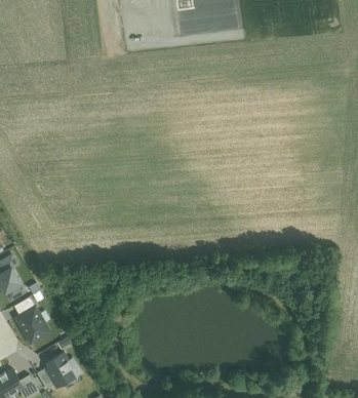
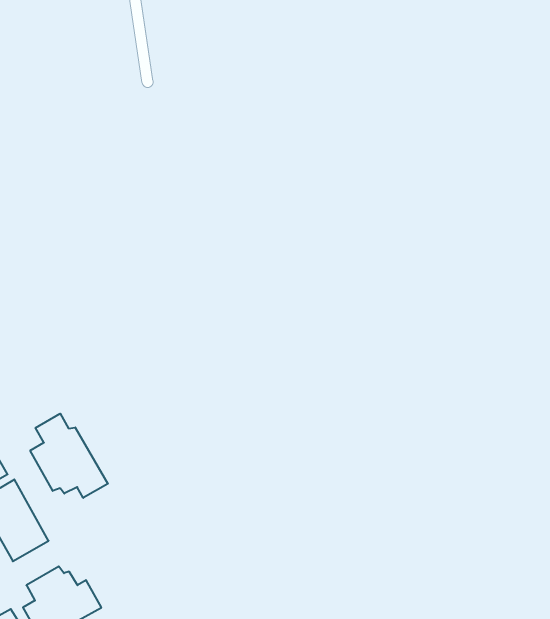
building: none -> [30,414,108,498]

